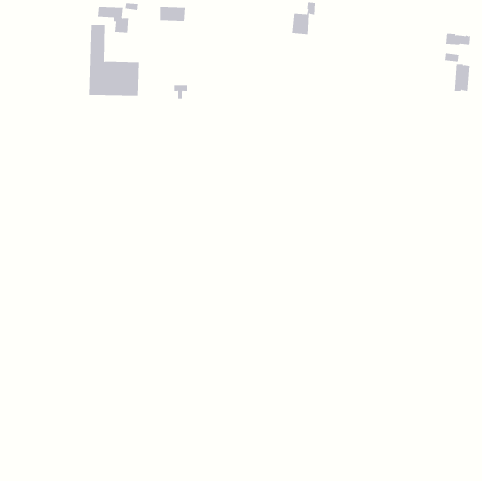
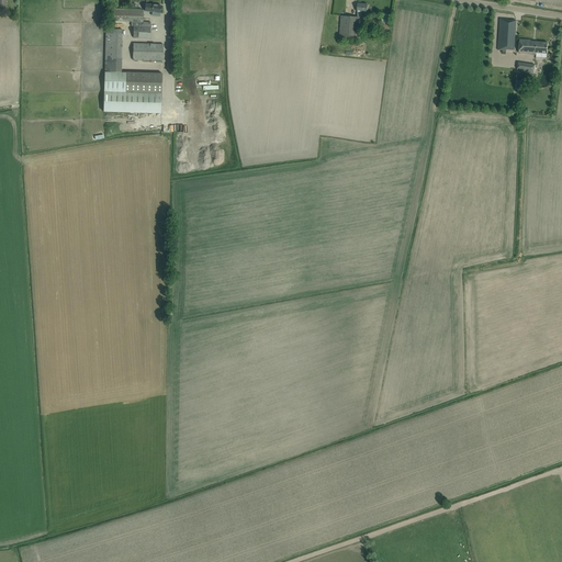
building: [159,6,186,21] -> [133,43,164,60]
building: [454,64,470,91] -> [497,18,516,49]

